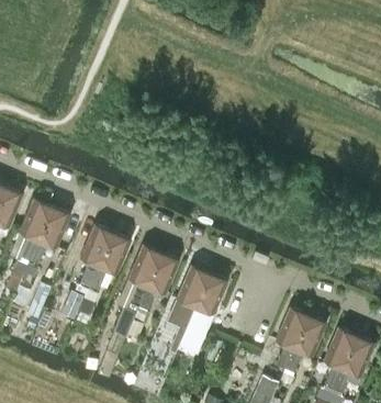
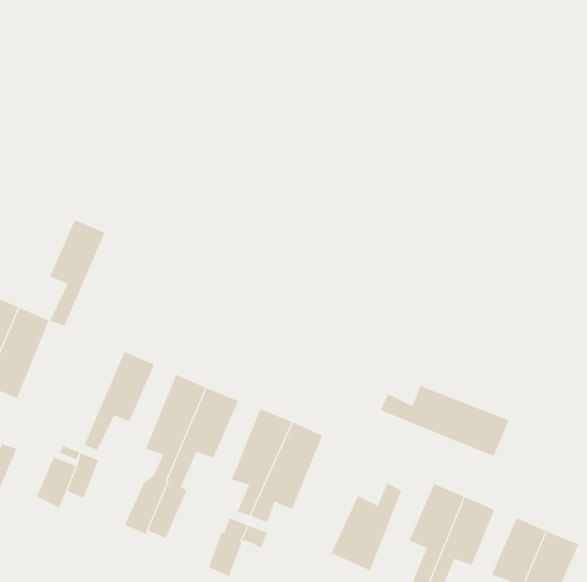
building: [80,223,112,284] -> [50,219,105,326]
building: none -> [380,385,509,457]
building: none -> [331,482,402,571]

